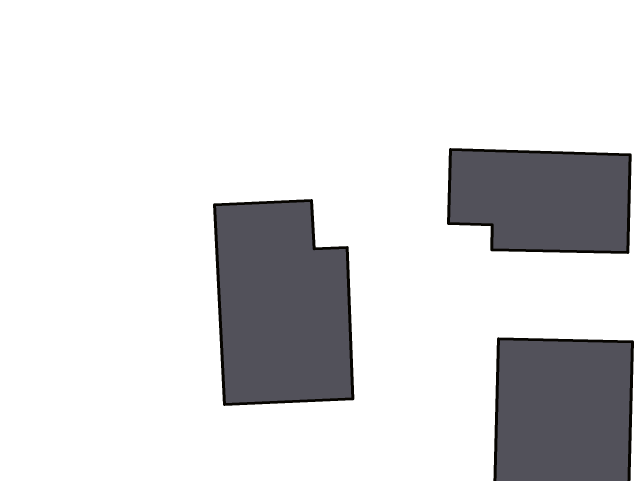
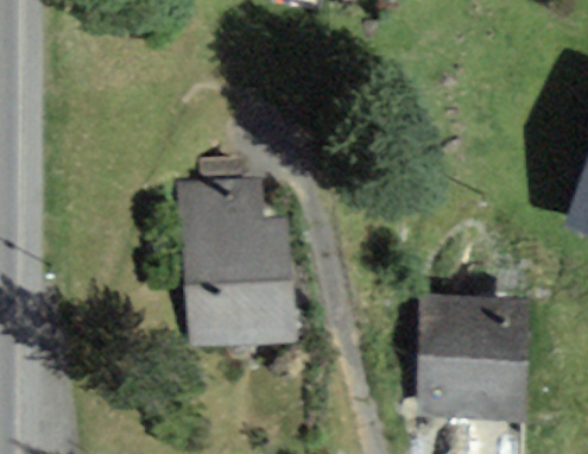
building: [449,150,630,253] -> none

